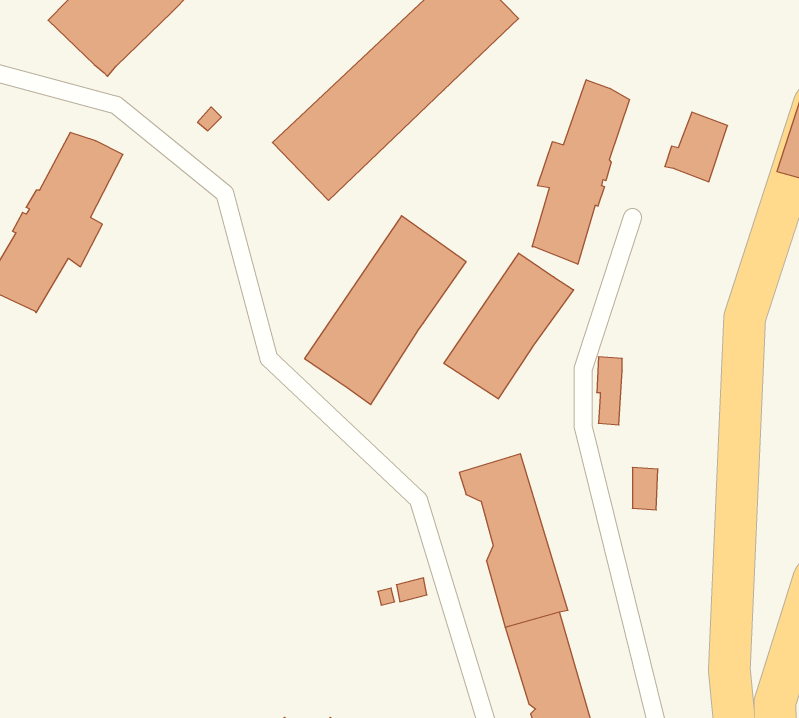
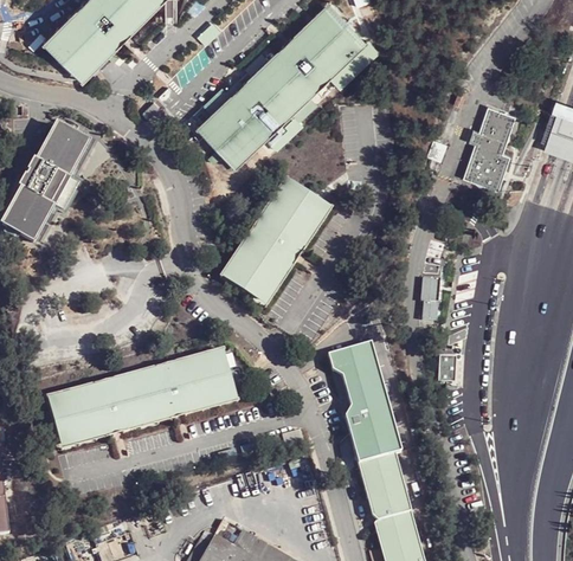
building: [532,80,630,264] -> none
building: none -> [463,144,509,188]
building: [444,253,574,399] -> none
building: none -> [45,349,237,452]

